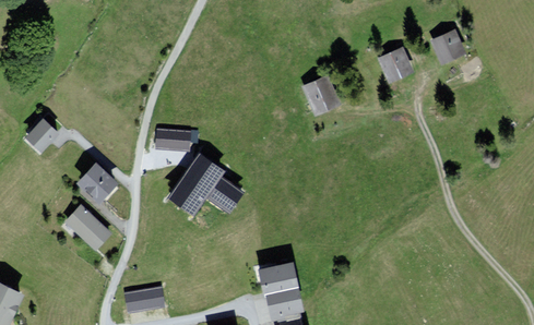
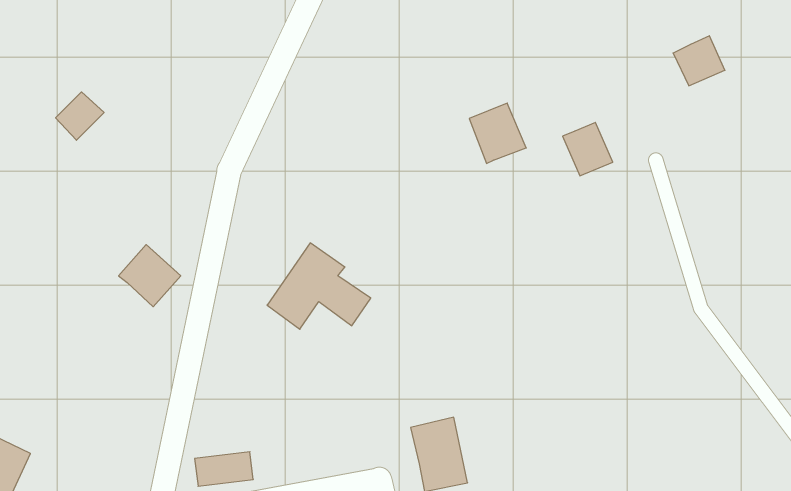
building: [378,41,410,75] -> [563,122,613,176]
building: [26,122,57,153] -> [56,92,104,140]
building: [157,129,188,148] -> none
building: [63,201,111,246] -> none

